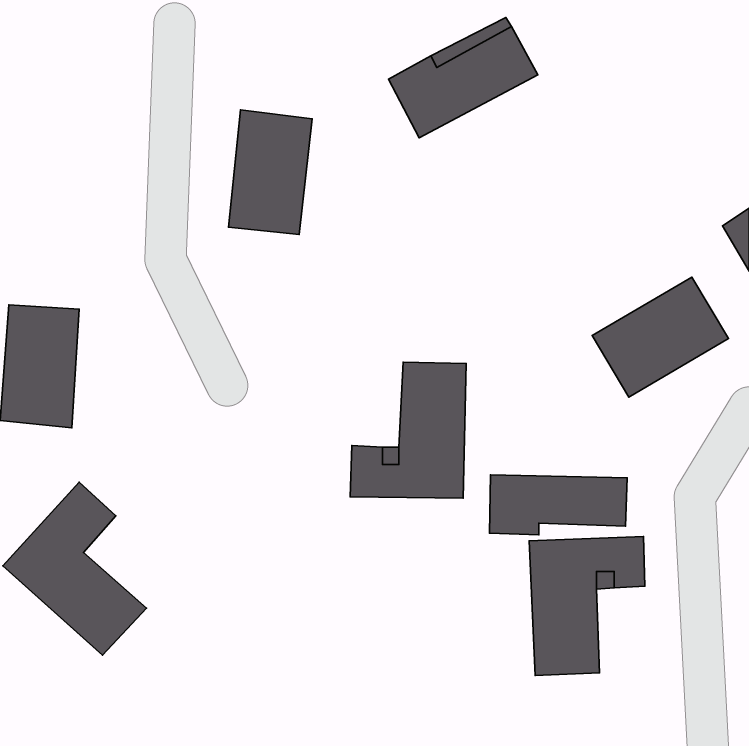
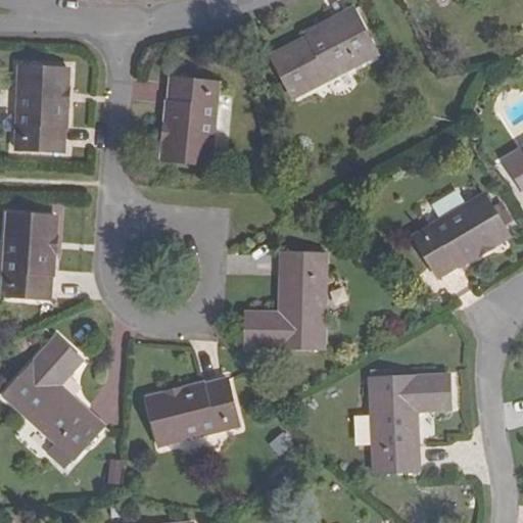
building: none -> [15,66,67,150]
building: [490,475,627,535] -> none
building: none -> [146,377,238,444]

